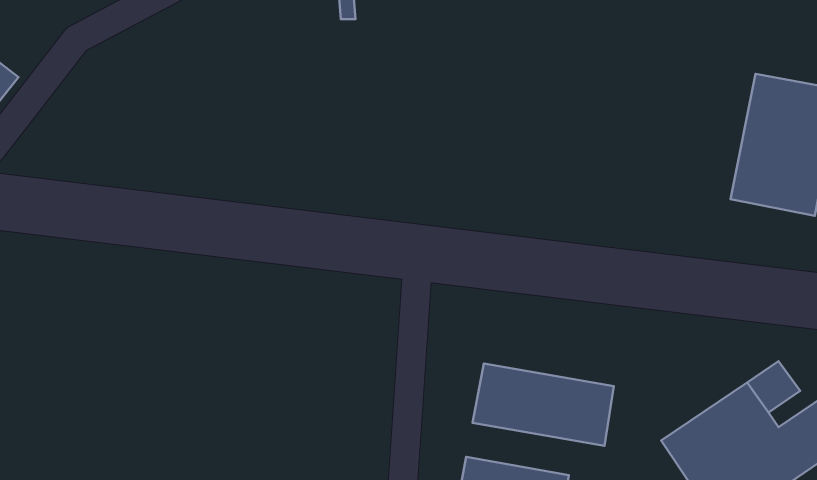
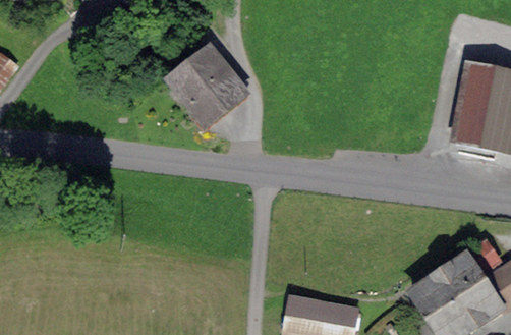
building: none -> [175,52,241,118]
building: [473,364,614,446] -> none

